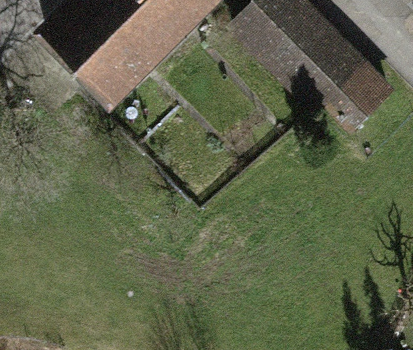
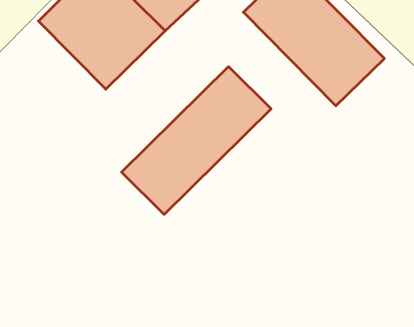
building: none -> [122,67,271,214]

